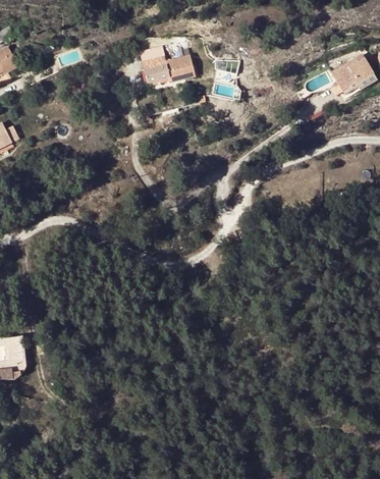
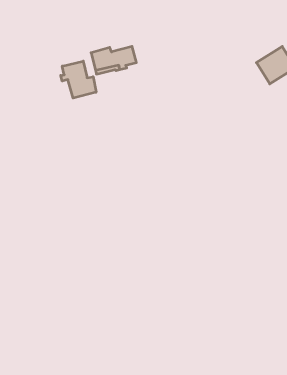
building: none -> [61,61,96,98]

